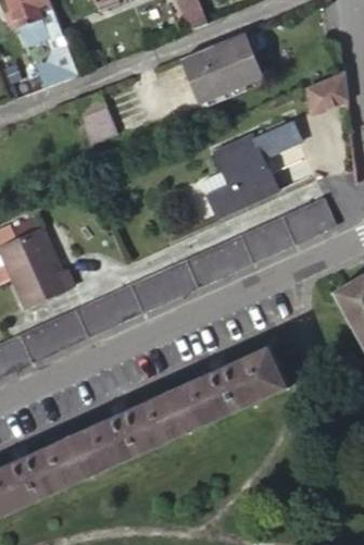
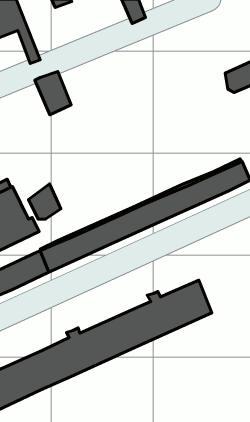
building: [177,30,260,101] -> none
building: [204,119,300,220] -> none
building: none -> [29,184,61,219]

